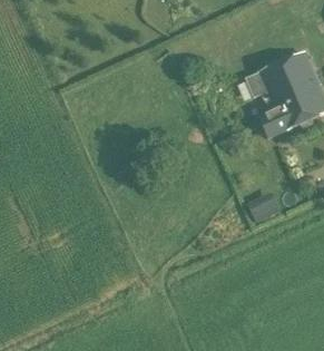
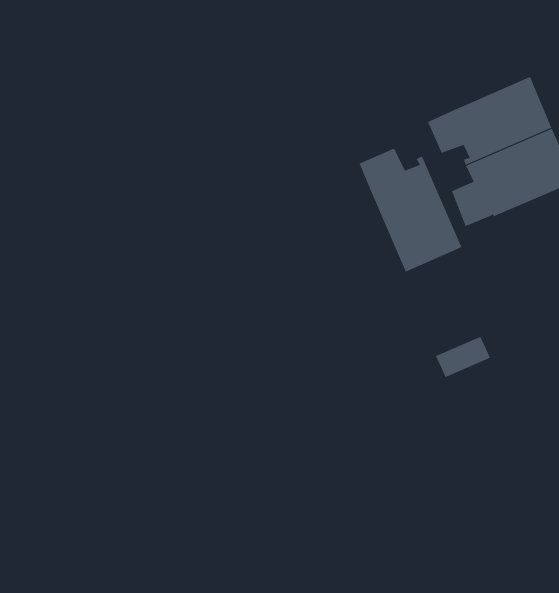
building: none -> [359,148,462,273]

